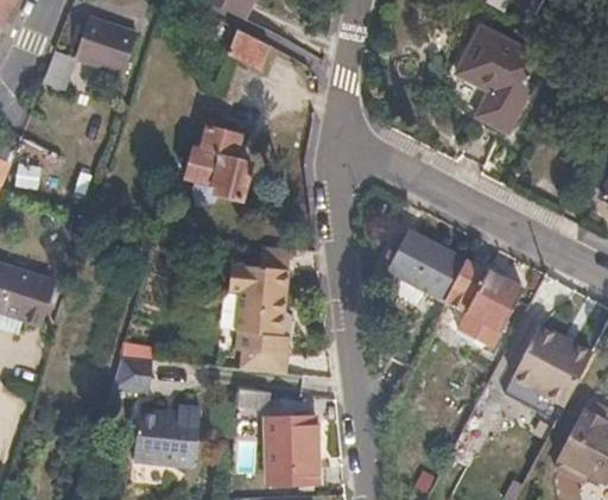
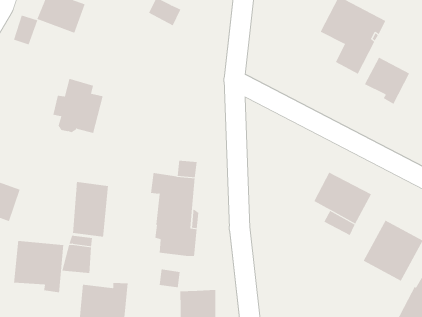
building: none -> [364,57,410,105]
building: [185,127,253,201] -> [53,78,104,134]
building: [386,230,463,297] -> none
building: none -> [72,181,108,238]
building: none -> [14,240,64,293]

